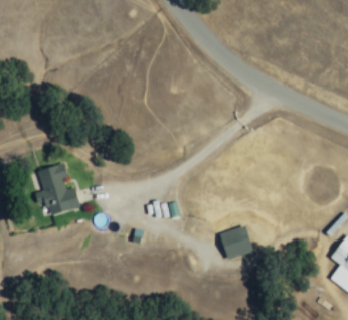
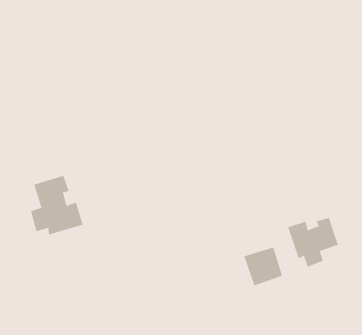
building: none -> [287,217,339,267]

